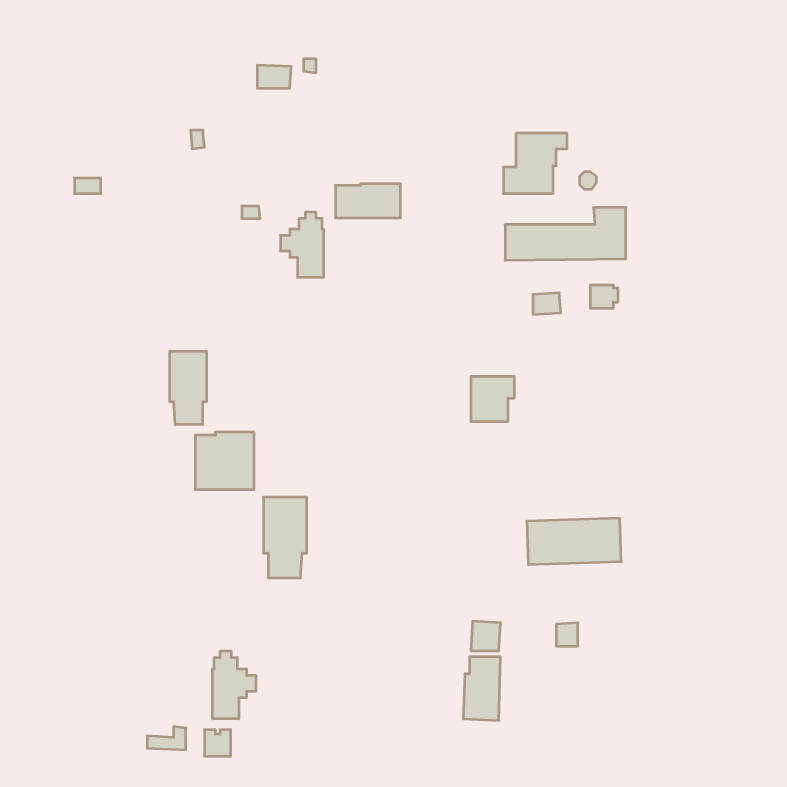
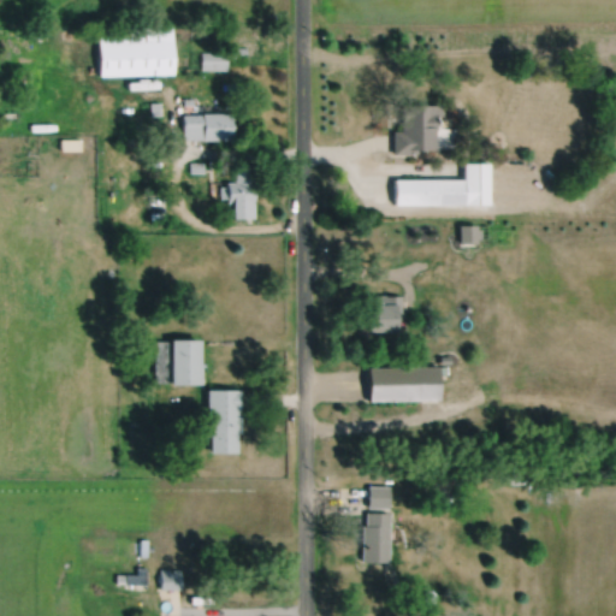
building: none -> [100,30,176,78]
building: [335,184,401,218] -> [185,116,236,142]
building: [170,351,206,425] -> none
building: [527,518,621,565] -> [369,366,443,402]
building: [213,651,256,719] -> none

